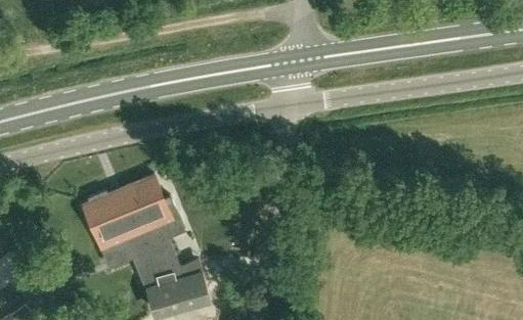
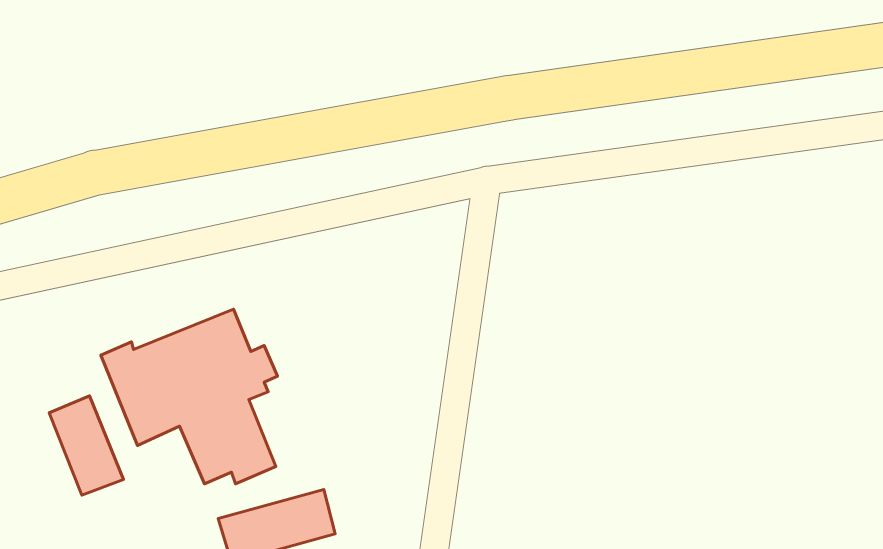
building: none -> [49,396,123,495]

